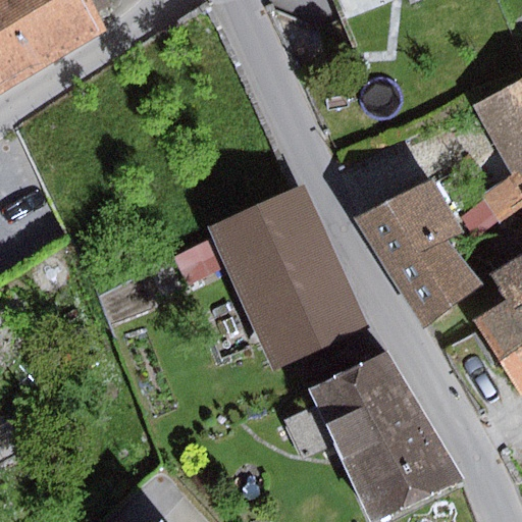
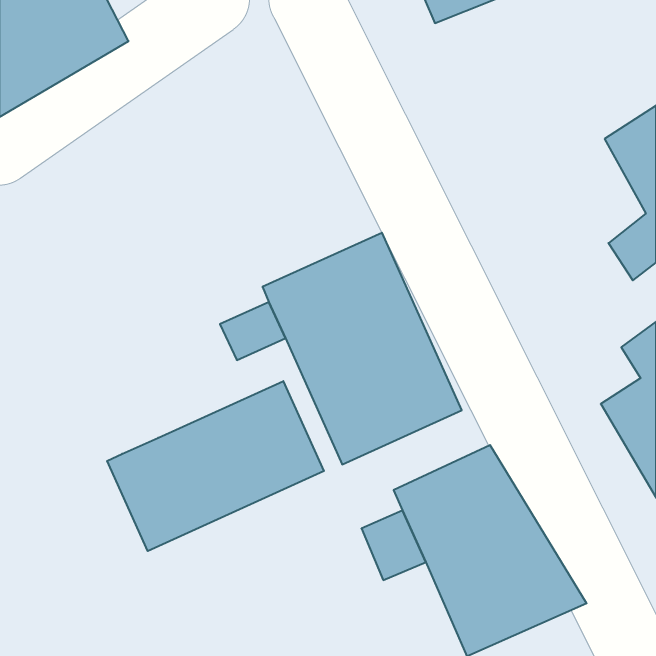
building: [359,179,480,327] -> none
building: none -> [107,381,324,551]

